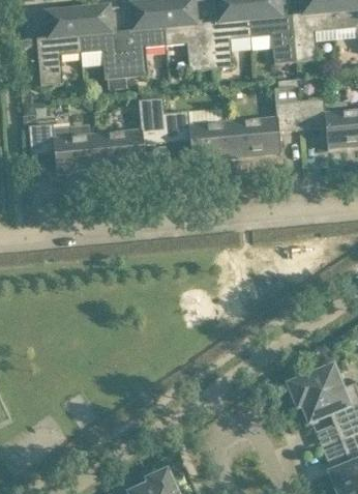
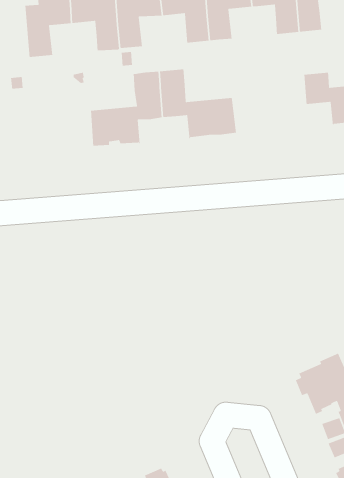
building: [233,86,302,156] -> none
building: [29,123,100,175] -> none

